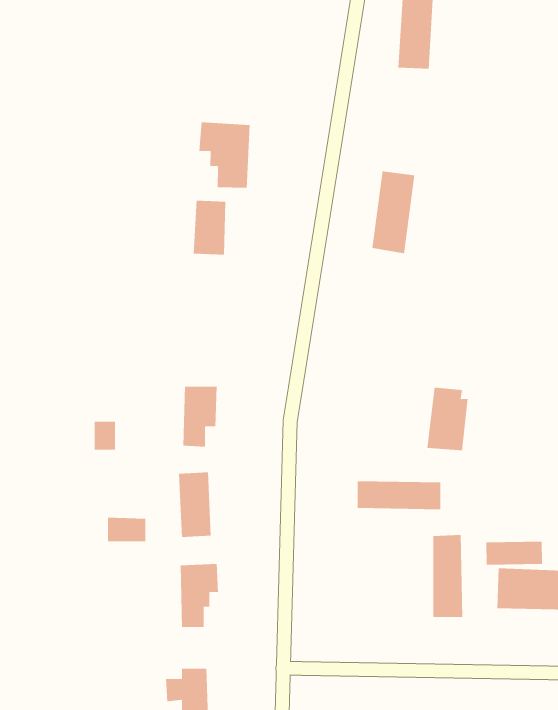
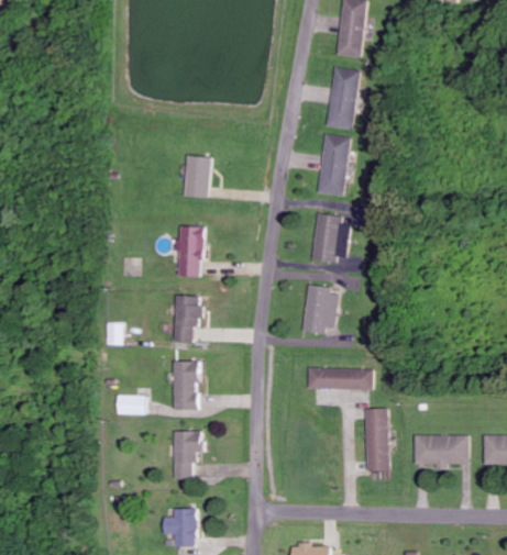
building: none -> [326,66,361,129]
building: [199,122,250,189] -> none
building: none -> [312,212,340,263]
building: none -> [177,226,202,276]
building: [427,387,469,451] -> [301,285,333,333]
building: [486,541,542,565] -> none

